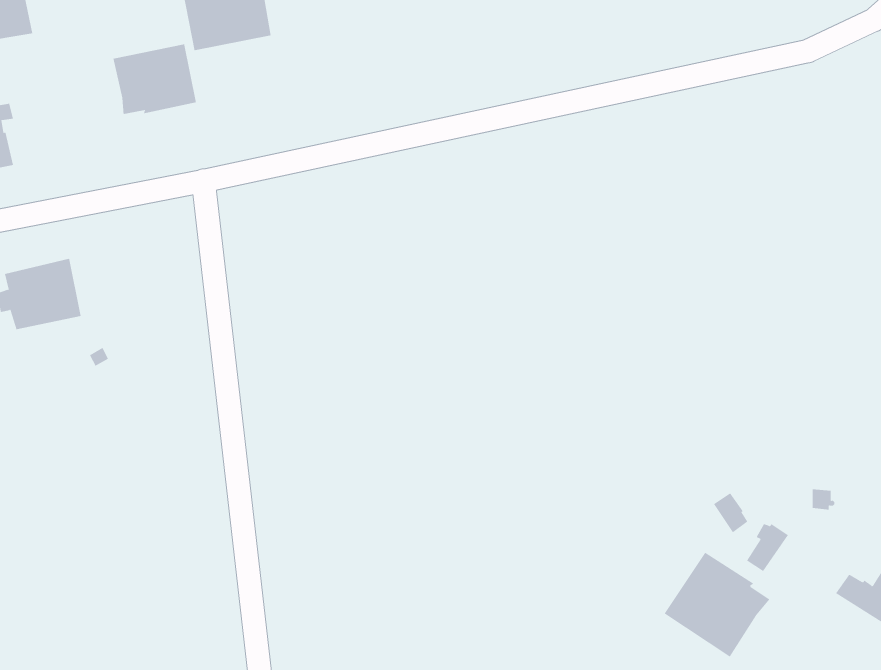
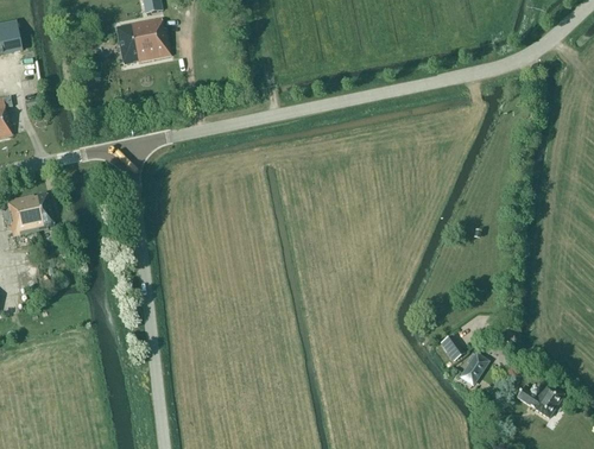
building: [113,44,196,115] -> none
building: [664,552,770,658] -> none

